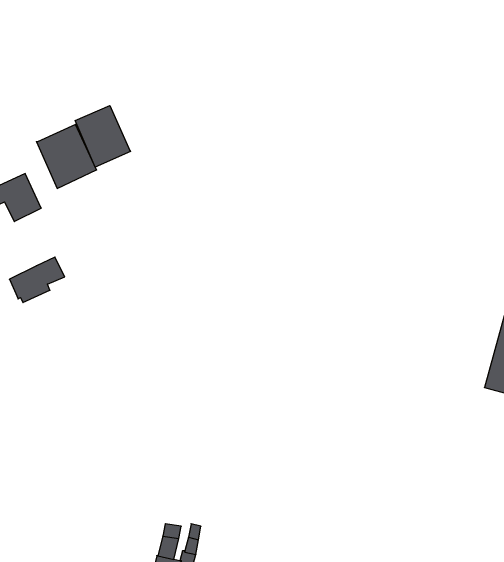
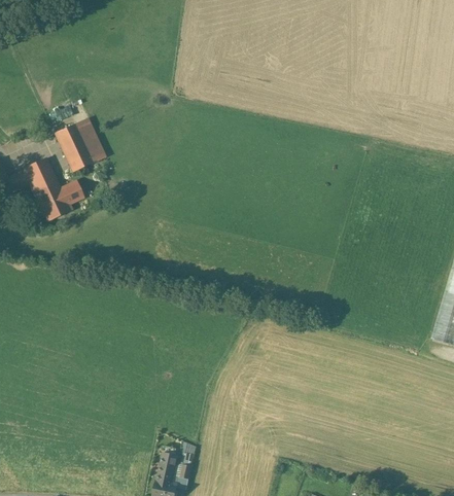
building: [75,106,131,167] -> none
building: [9,257,65,303] -> [38,180,84,218]

